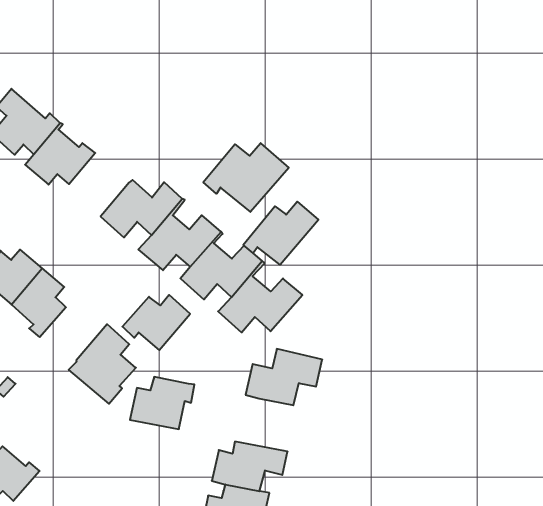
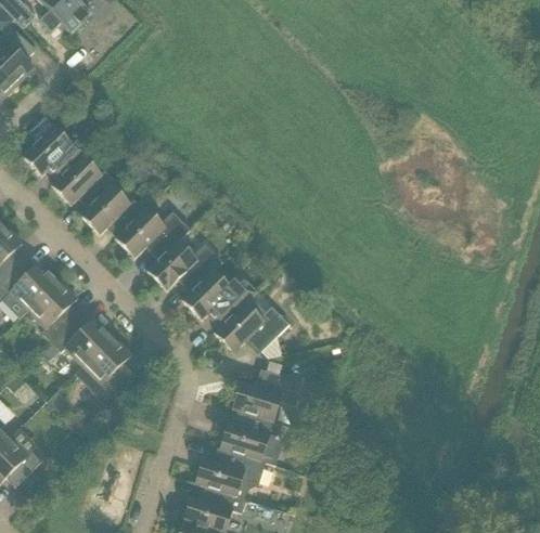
building: [203,143,289,212] -> none
building: none -> [79,180,142,235]
building: [243,202,318,265] -> none
building: [122,295,190,350] -> [50,316,112,365]
building: [130,377,194,429] -> [218,413,279,461]

